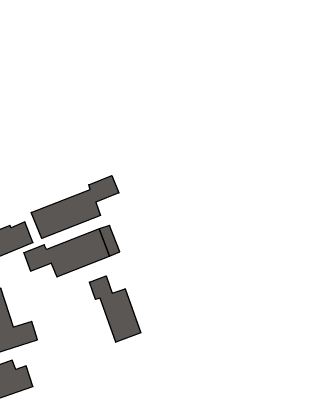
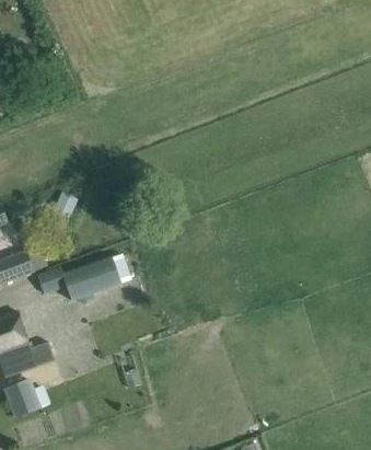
building: [31,176,119,238] -> none
building: [89,276,141,342] -> none

